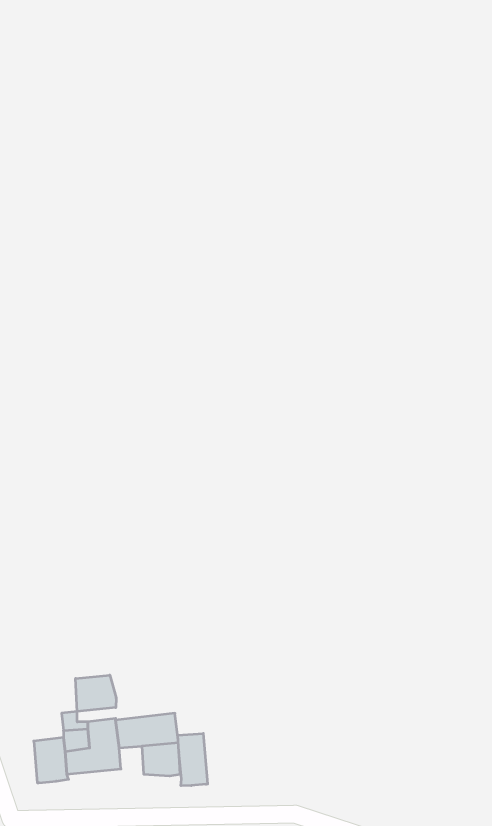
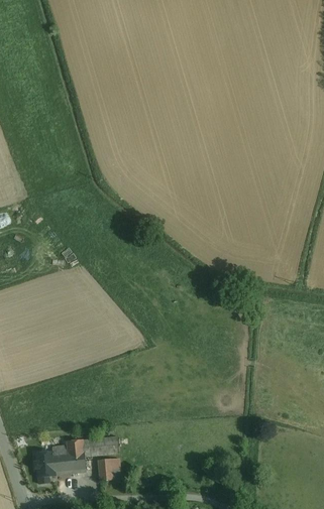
building: [76,675,116,711] -> none
building: [178,733,208,786] -> none

